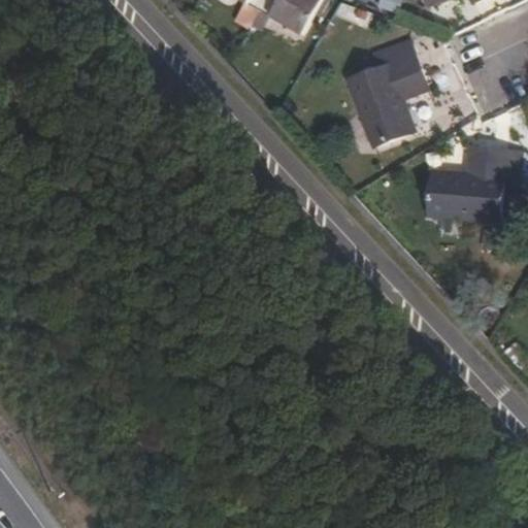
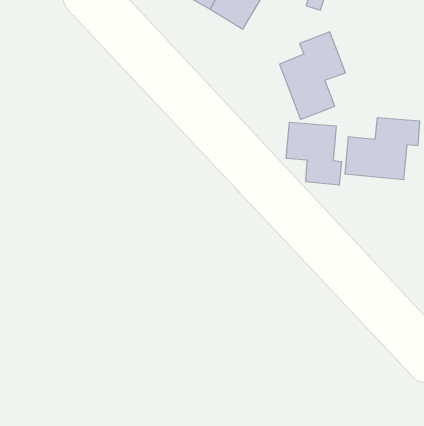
building: none -> [286,122,342,185]

